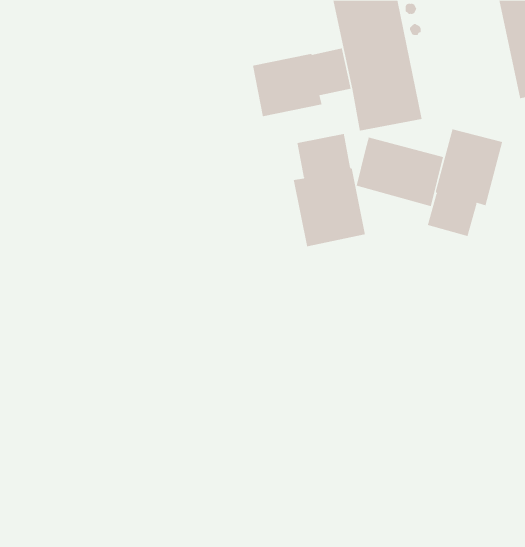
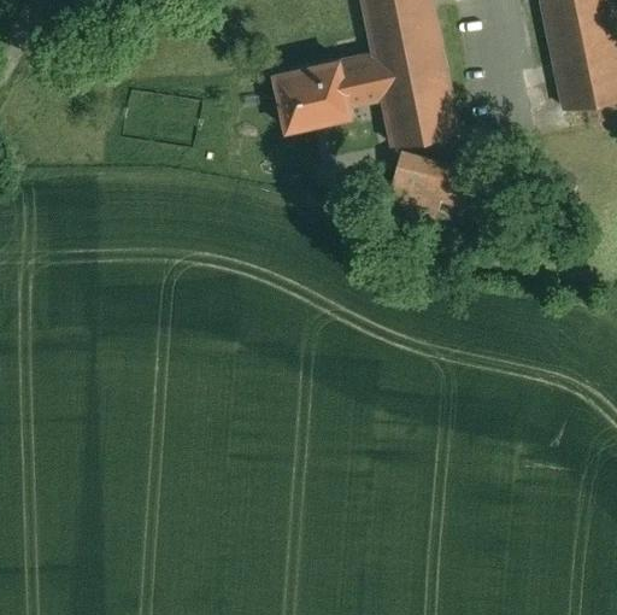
building: [427,129,503,237] -> none
building: [293,133,366,247] -> none

